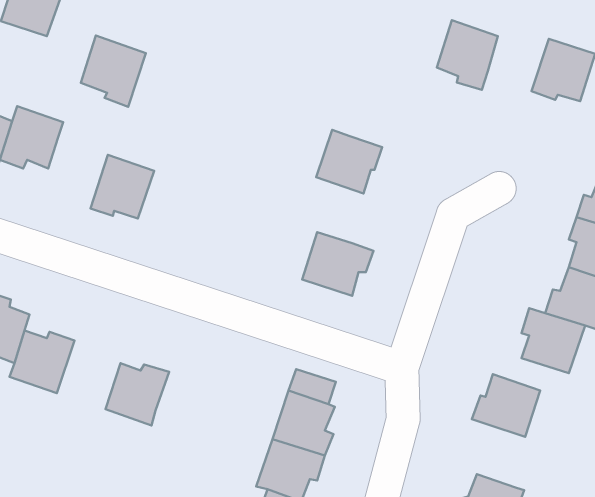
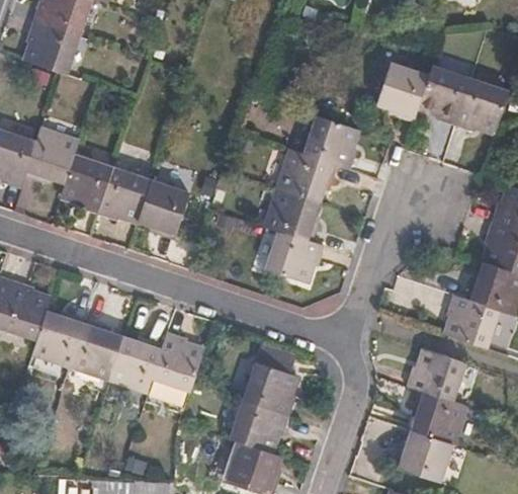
building: none -> [421,64,470,119]
building: [81,36,146,107] -> [60,157,112,215]
building: none -> [309,117,360,171]
building: none -> [137,184,188,242]
building: none -> [268,189,320,243]
building: none -> [71,322,122,378]
building: none -> [151,334,203,393]
building: none -> [412,390,464,443]

